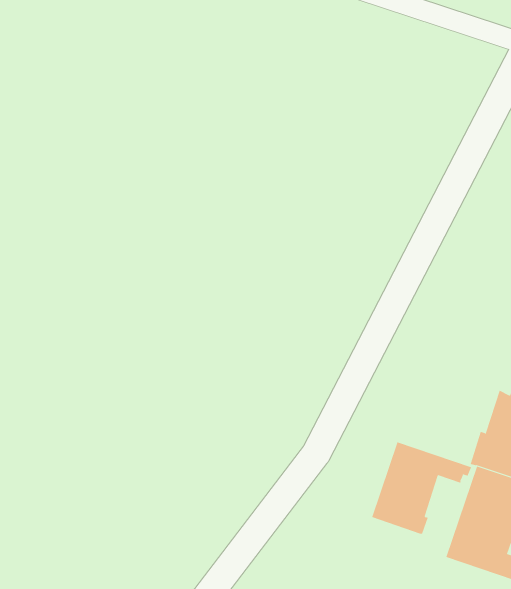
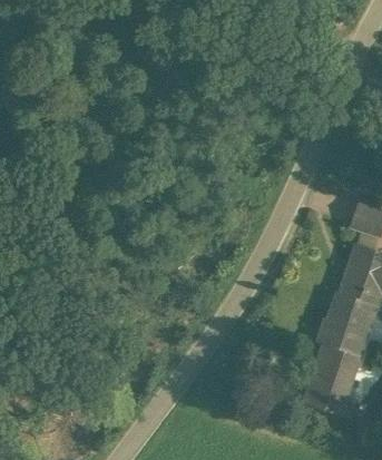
building: [372,442,472,534] -> none

